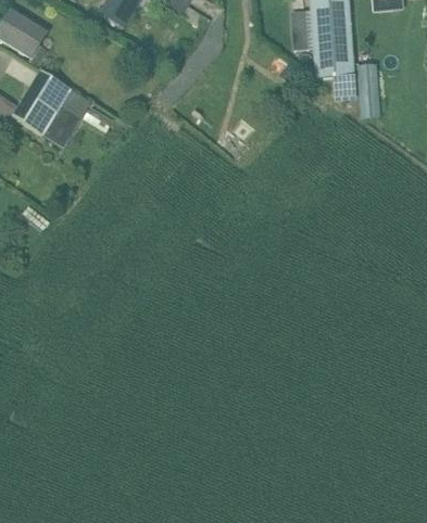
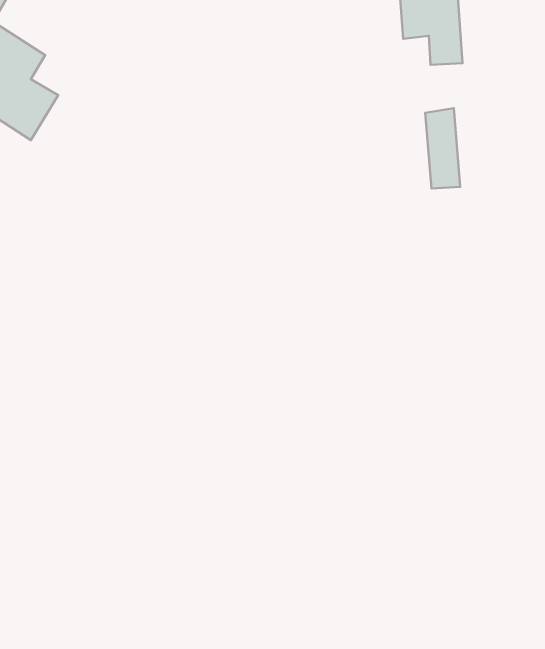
building: [357,63,381,117] -> [425,108,460,188]

